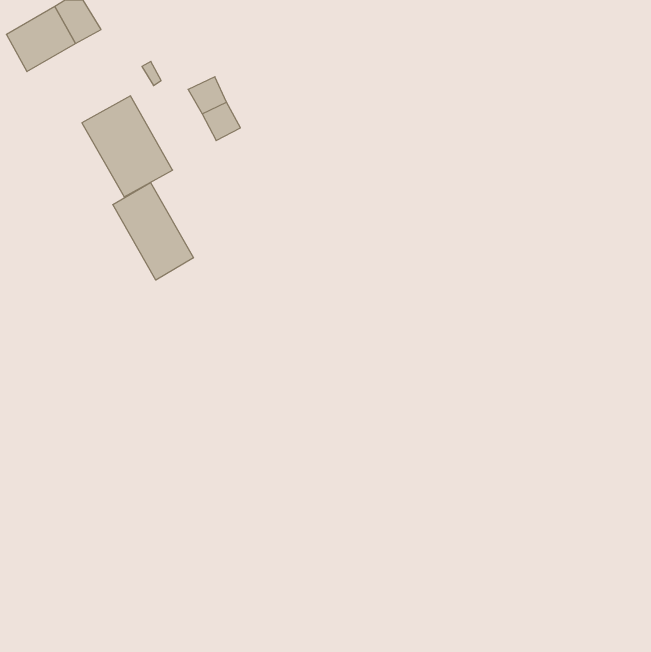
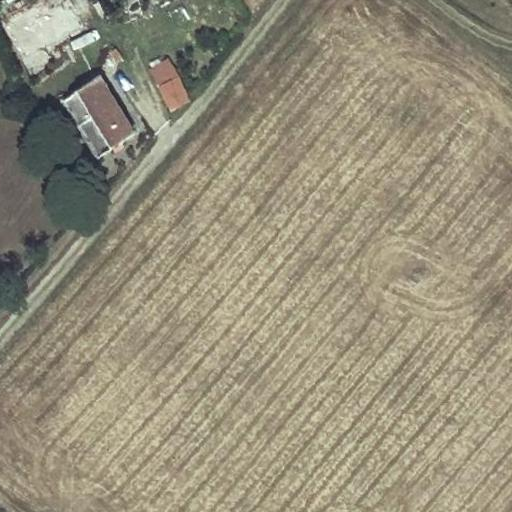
building: [113,182,193,280] -> none

